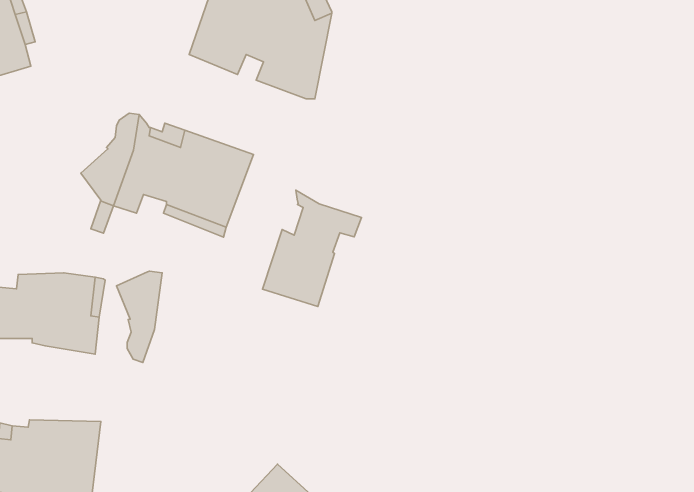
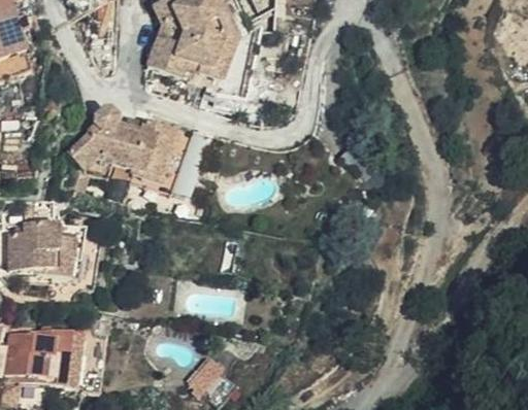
building: [262,190,361,306] -> none
building: [116,271,162,363] -> none

